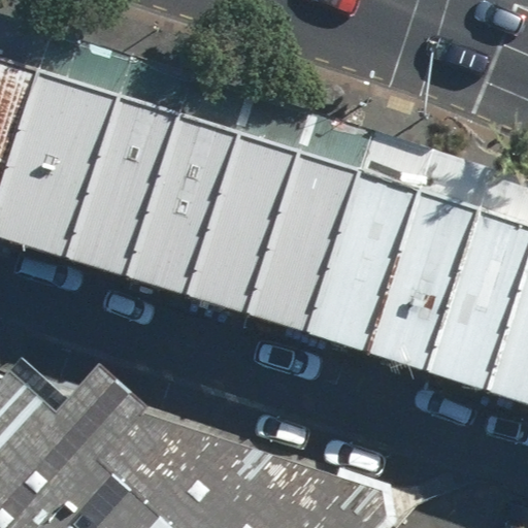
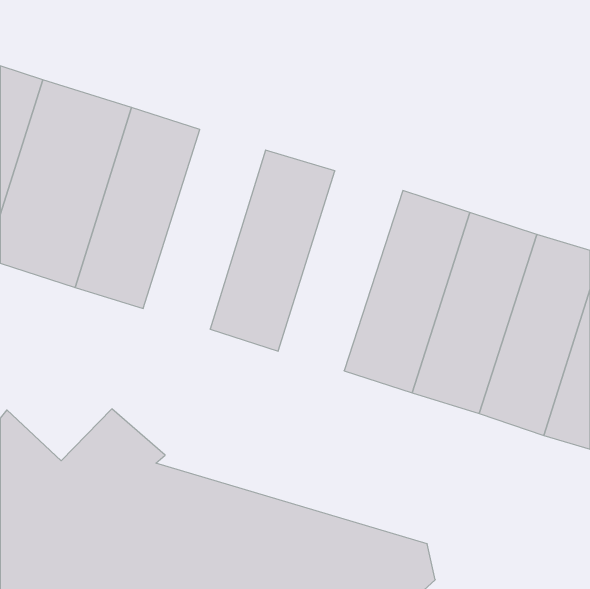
building: [128,117,237,295] -> none
building: [249,154,360,332] -> none

